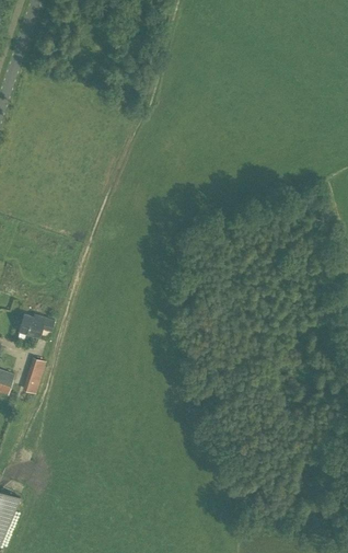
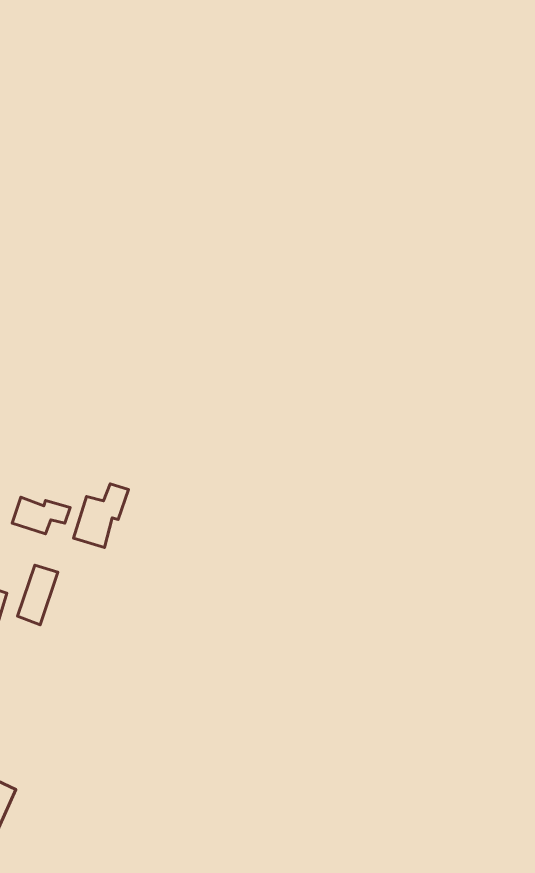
building: none -> [73,484,129,547]

